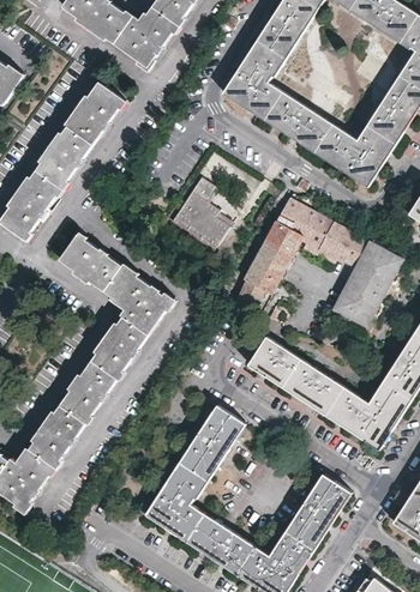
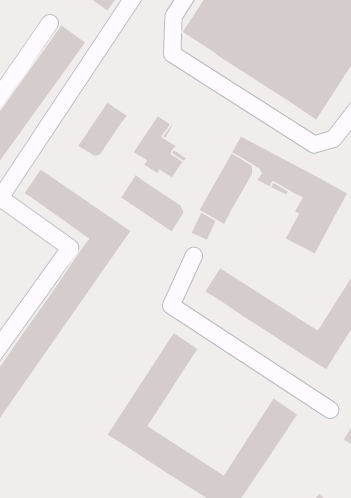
building: none -> [77,101,128,157]
building: none -> [120,174,184,233]

